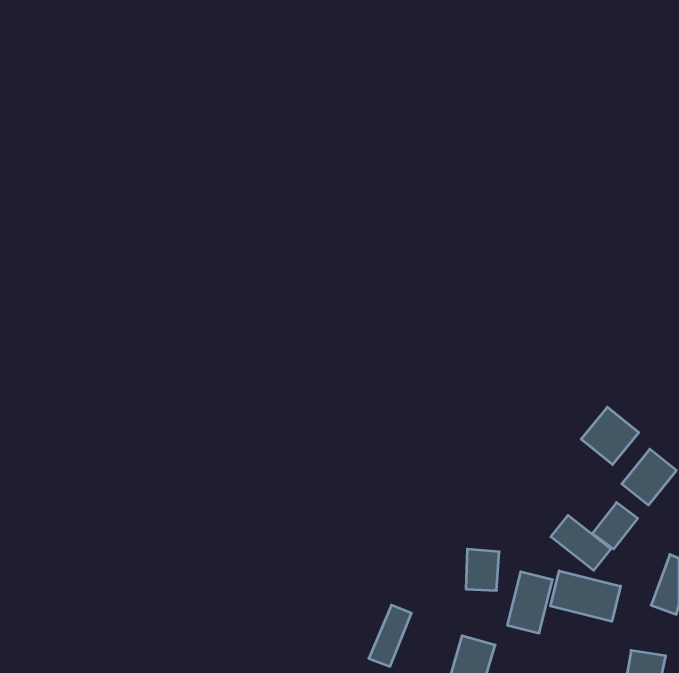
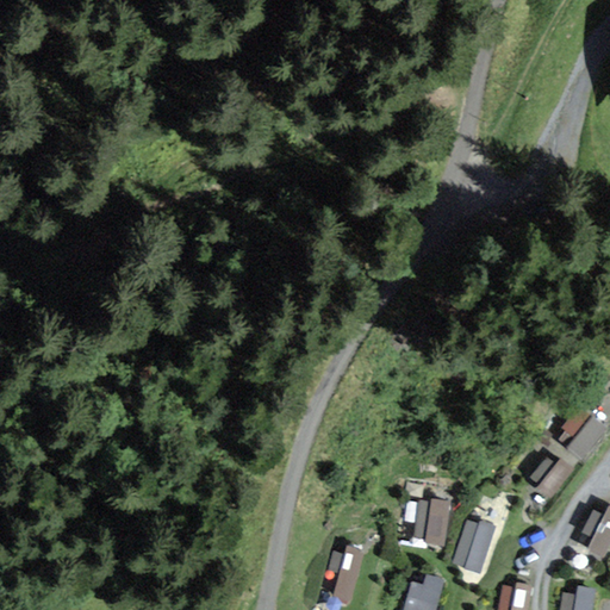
building: [581,407,639,465] -> none
building: [551,515,611,570] -> none
building: [550,571,621,621] -> none

